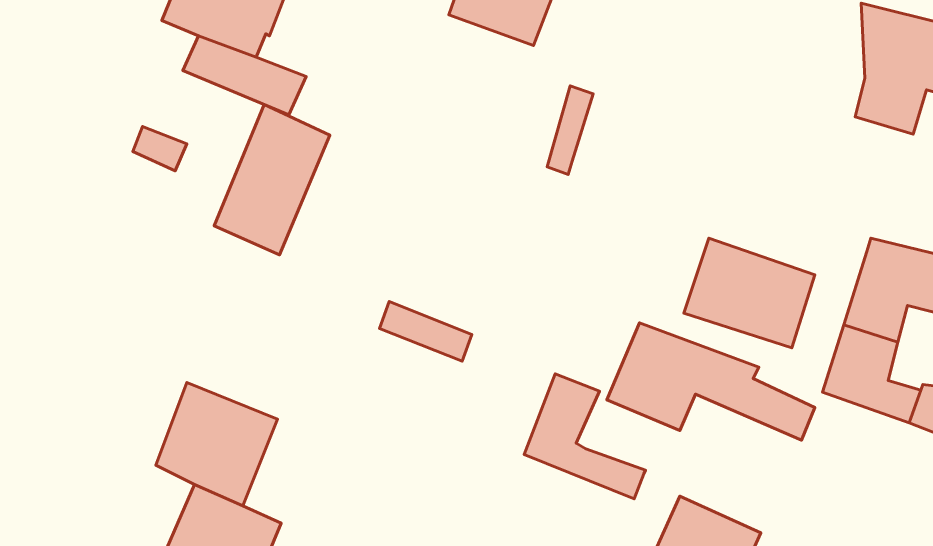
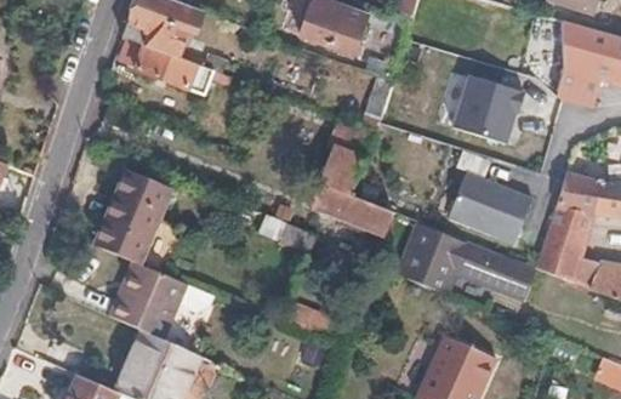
building: none -> [452,76,524,144]
building: [214,105,330,255] -> [96,167,169,262]
building: [524,374,646,499] -> [317,152,393,230]

